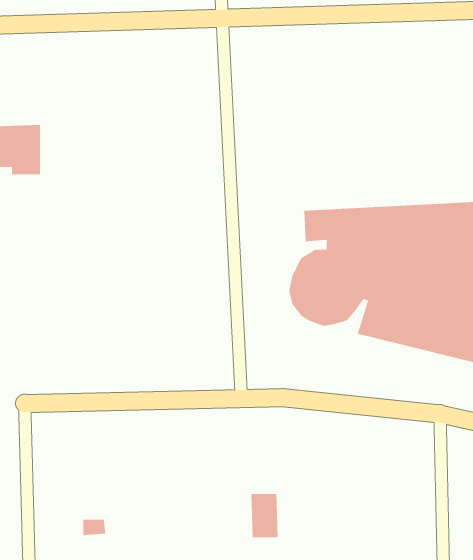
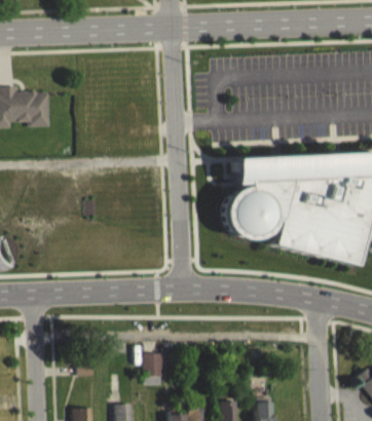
building: [250,493,279,538] -> [144,356,163,387]

